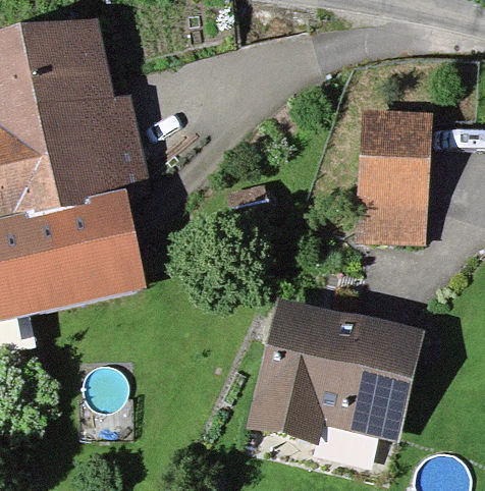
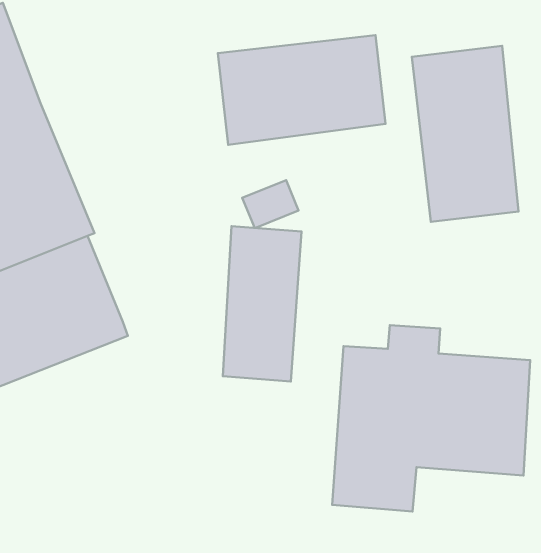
building: none -> [218,35,386,145]
building: none -> [223,226,302,381]

